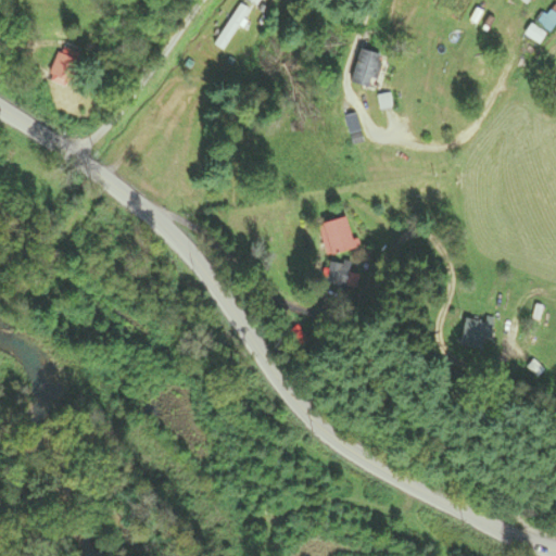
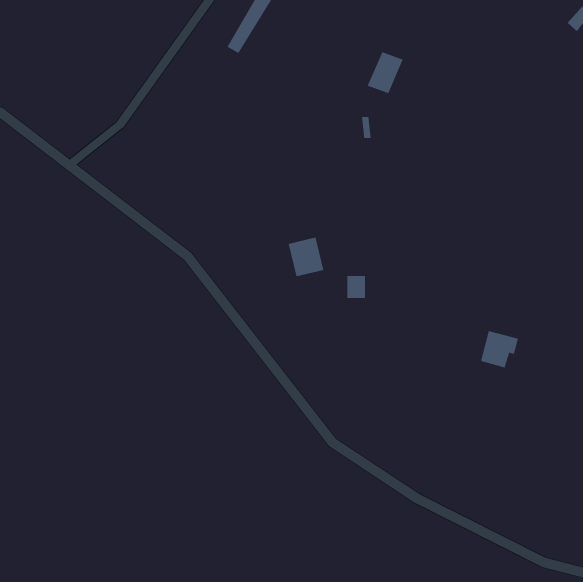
building: [42,48,81,88] -> none
building: [319,215,354,253] -> [288,237,324,277]

